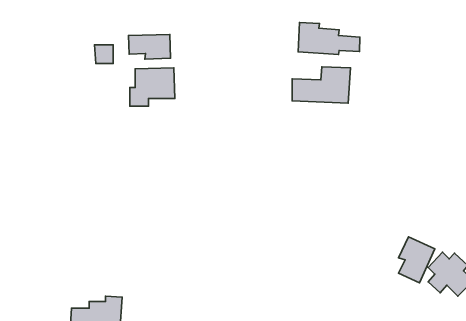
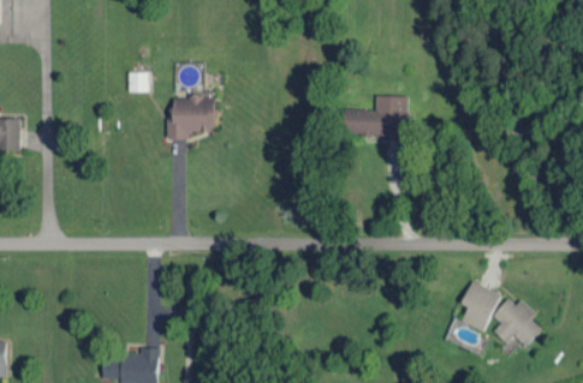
building: [298,23,360,54] -> none
building: [128,35,170,59] -> none

